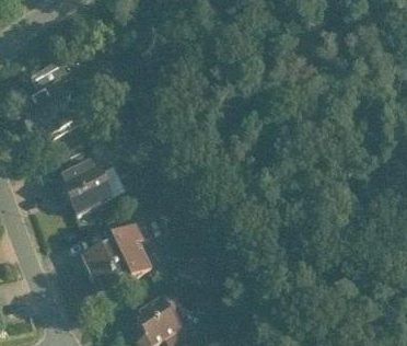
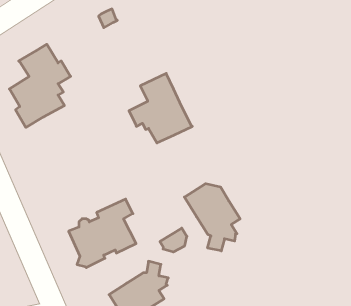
building: [48,140,115,214] -> [129,73,192,143]
building: none -> [184,184,240,251]

